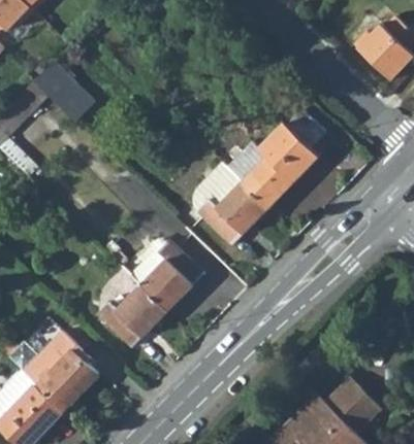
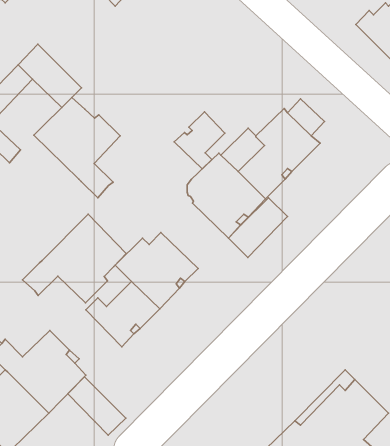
building: none -> [34,97,120,198]
building: none -> [174,112,225,169]
building: none -> [229,198,288,258]
building: none -> [23,214,126,303]
building: none -> [68,377,126,435]

